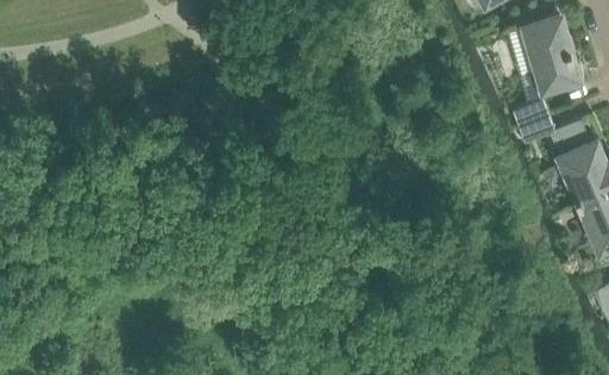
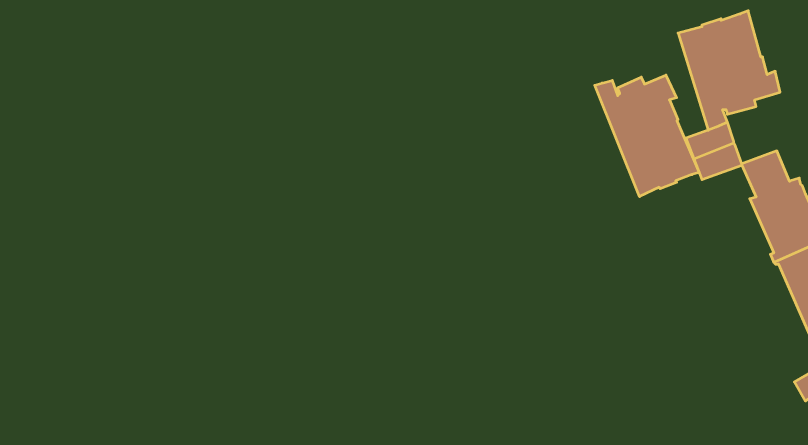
building: none -> [595,75,699,197]

